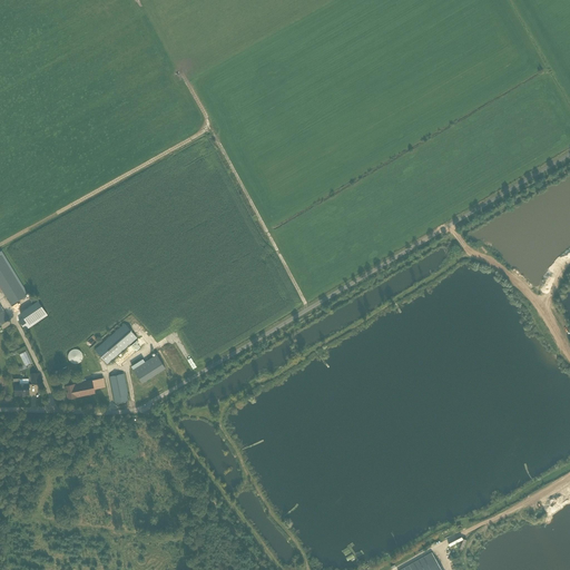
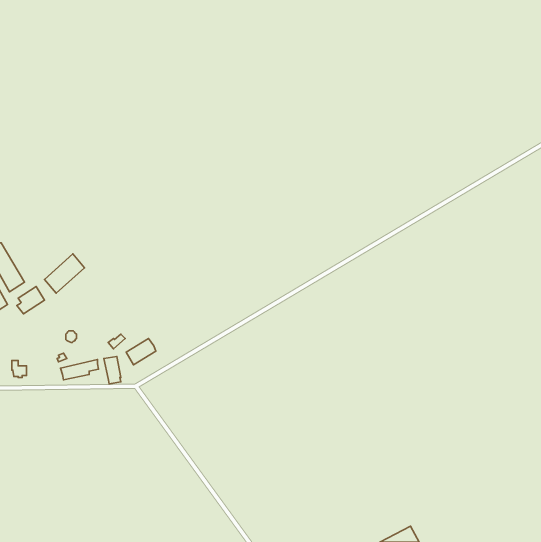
building: [94,323,136,364] -> [44,254,85,293]

